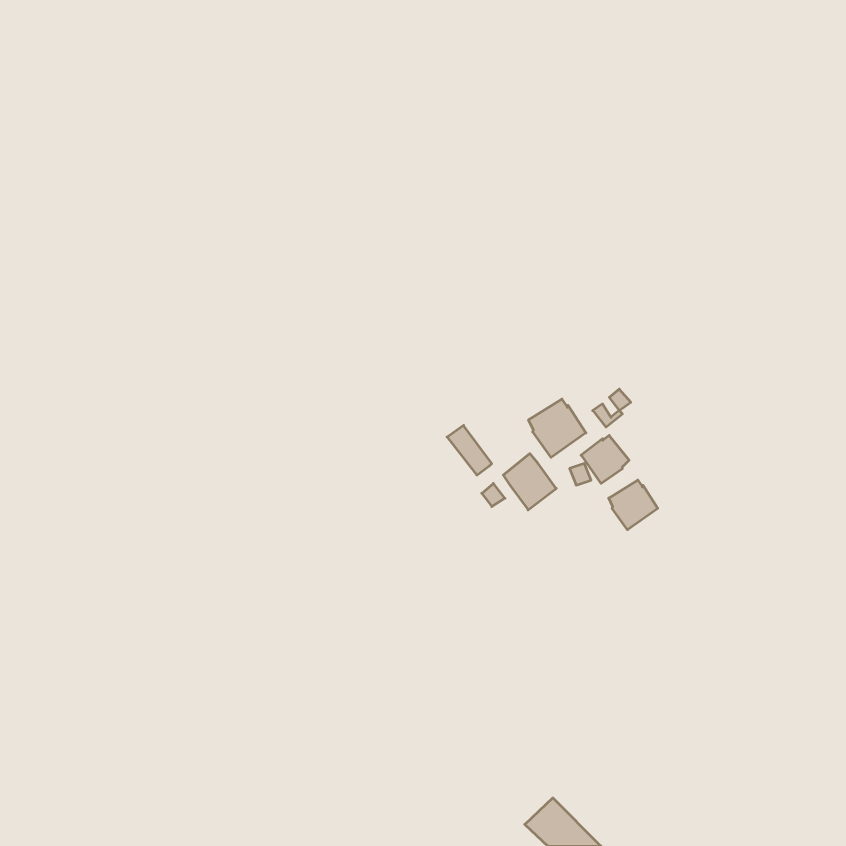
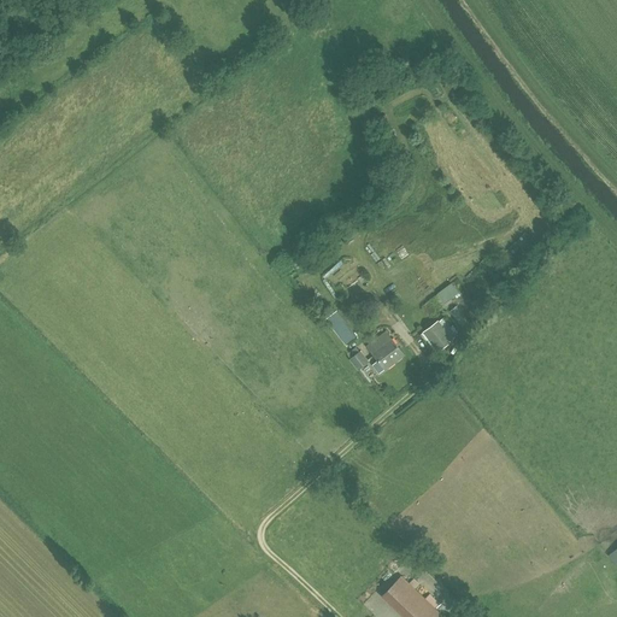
building: [529,399,586,457] -> none
building: [609,480,658,530] -> none

